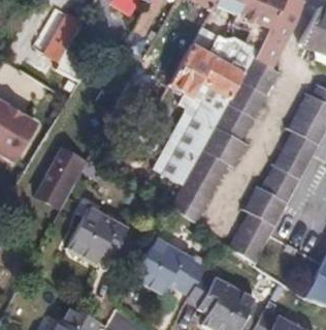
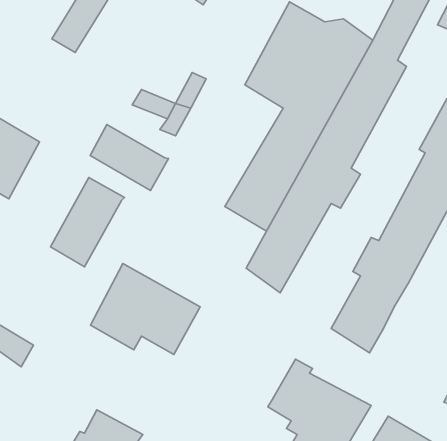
building: none -> [90,125,169,190]
building: [133,236,205,294] -> none

